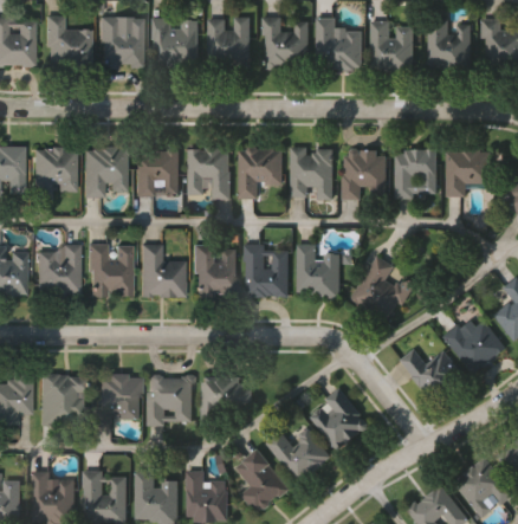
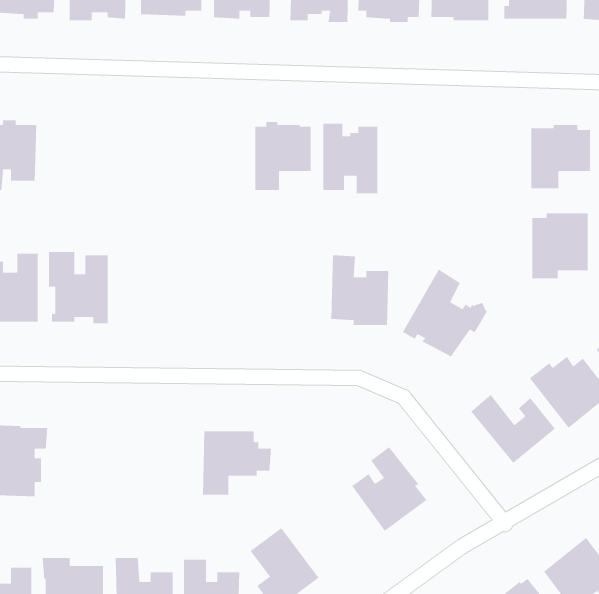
building: [84,144,128,195] -> none
building: [188,145,232,199] -> none
building: [137,147,179,193] -> none
building: [395,148,438,198] -> [531,212,589,279]
building: [342,149,387,201] -> none
building: [140,241,186,295] -> none
building: [190,242,237,296] -> none
building: [244,244,289,295] -> none
building: [93,370,141,425] -> none
building: [147,374,193,425] -> none
building: [267,426,331,483] -> none

